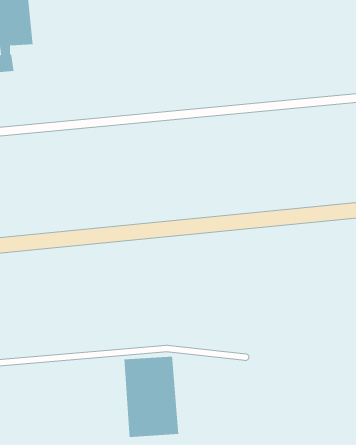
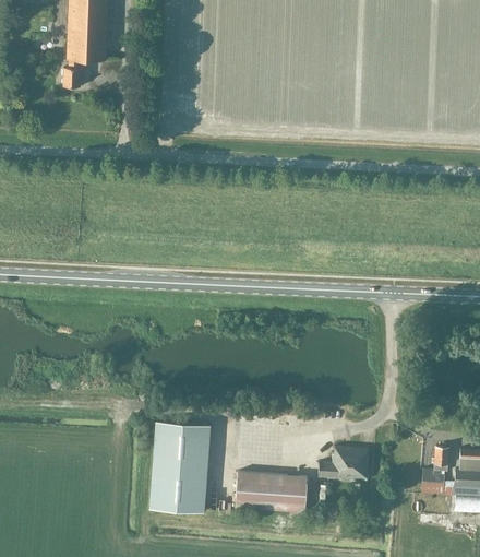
building: none -> [315,447,369,501]
building: none -> [235,471,307,512]

